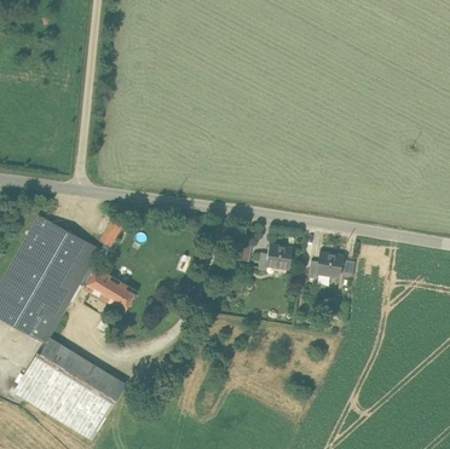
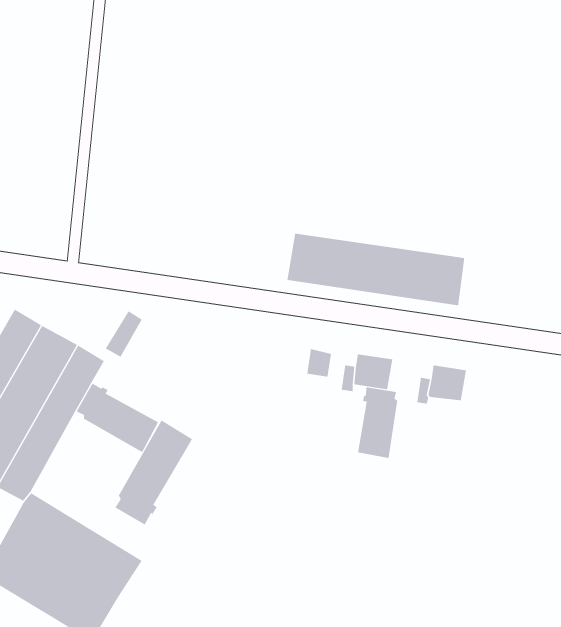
building: none -> [287,233,465,306]
building: none -> [357,387,398,459]
building: none -> [115,420,193,525]

